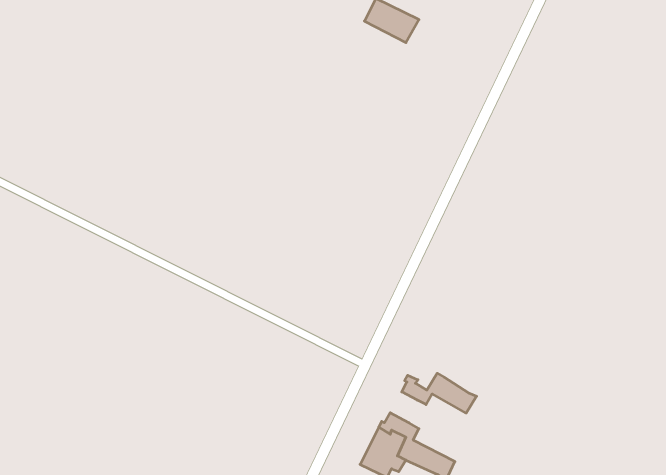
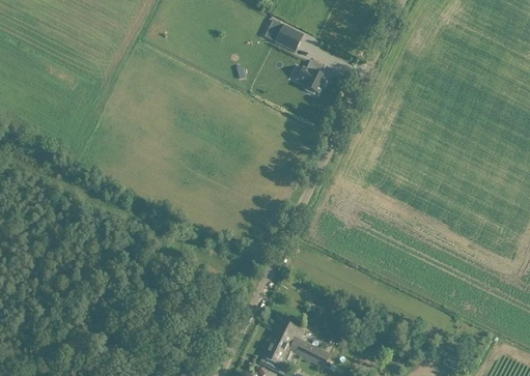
building: none -> [296,60,326,94]
building: [402,373,477,413] -> none

